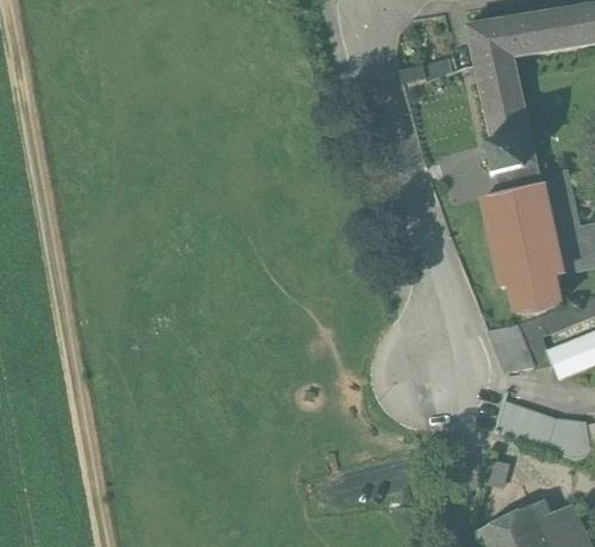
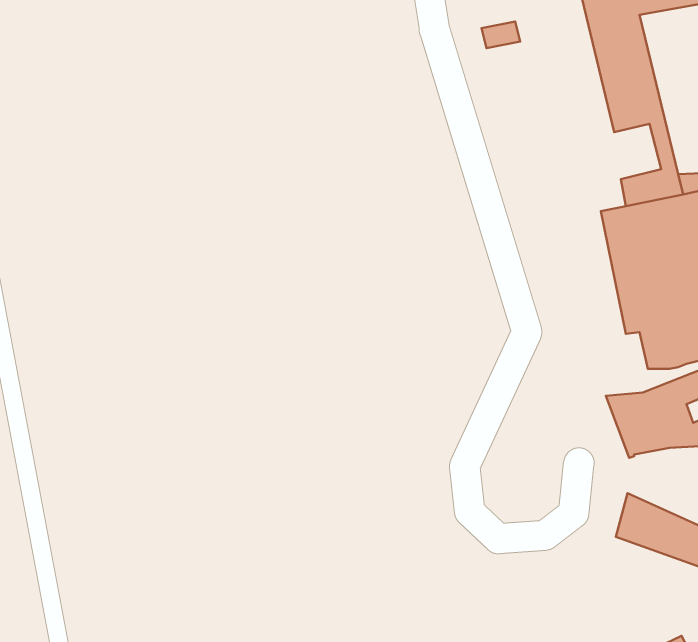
building: [483,136,526,178] -> none

